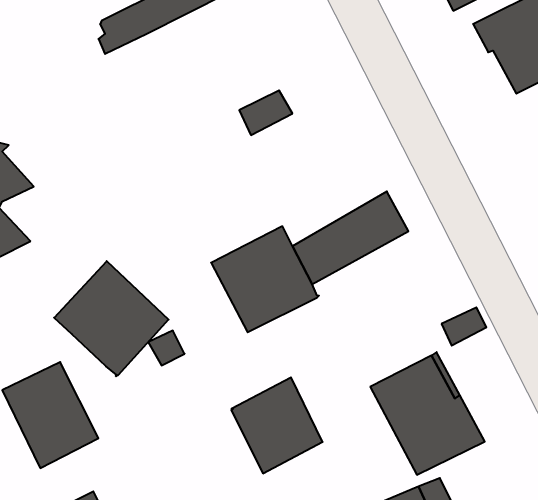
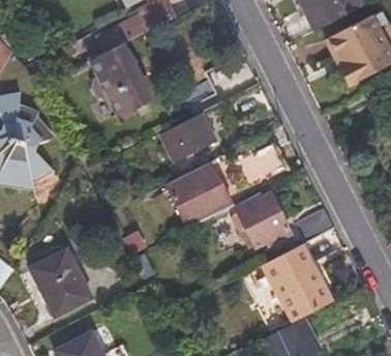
building: none -> [91,44,152,117]
building: none -> [159,116,212,161]
building: [54,261,169,376] -> none
building: [231,377,323,473] -> [231,188,288,248]

